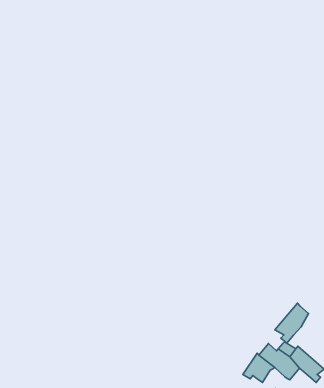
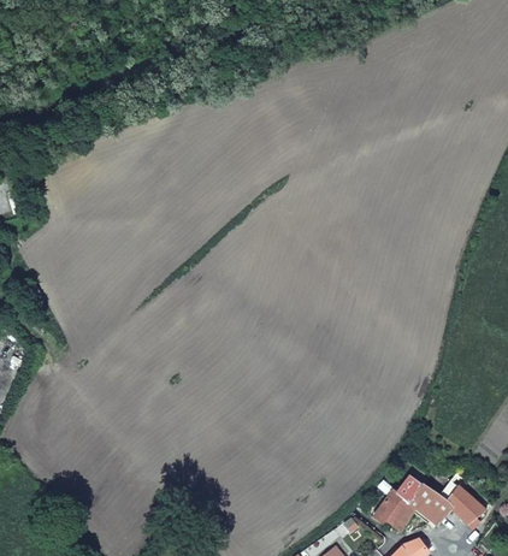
building: [275,303,309,343] -> none

